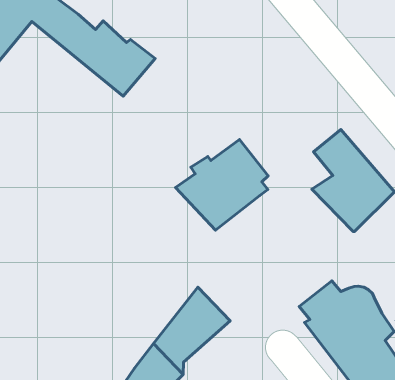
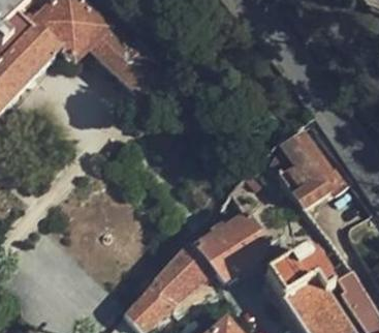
building: [176,139,268,230] -> [196,213,266,280]

